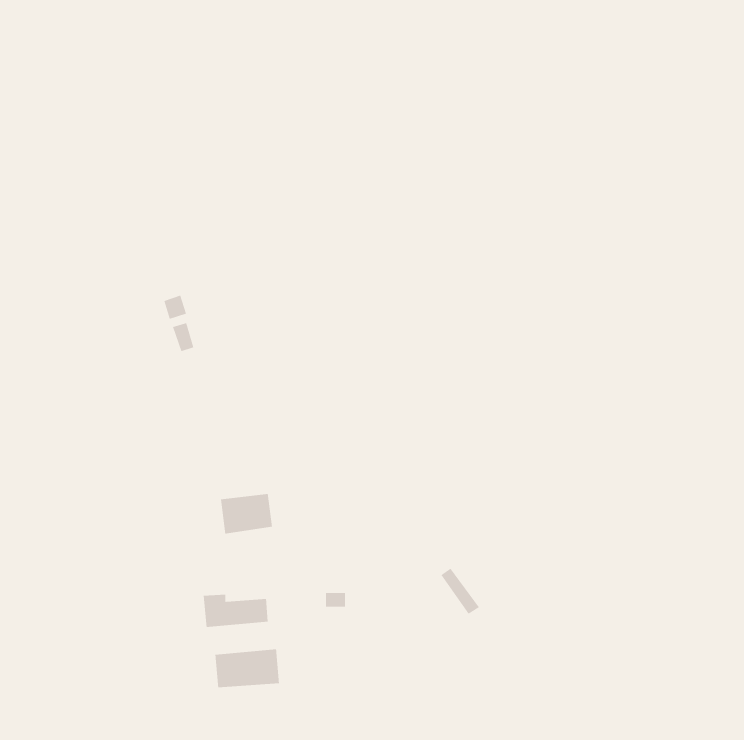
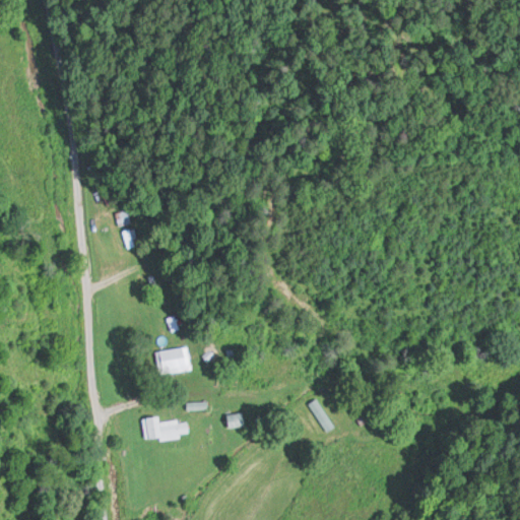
building: [215,649,280,688] -> none

